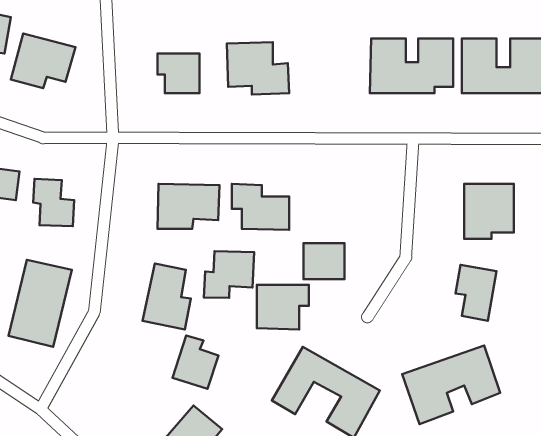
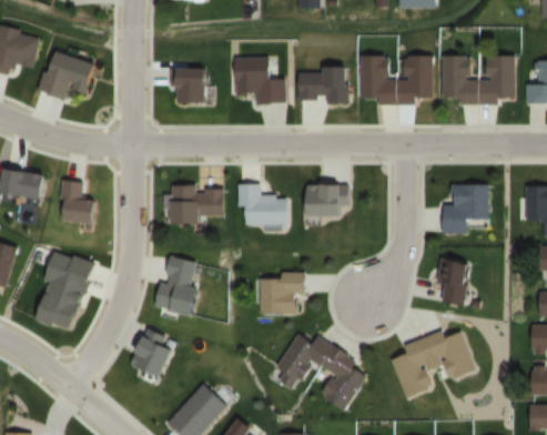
building: none -> [297,68,348,103]
building: [303,243,344,279] -> [307,185,344,218]
building: [204,251,254,298] -> none
building: [173,335,219,389] -> [131,327,172,375]

